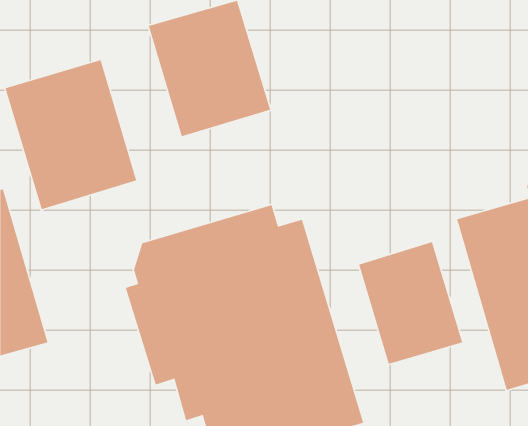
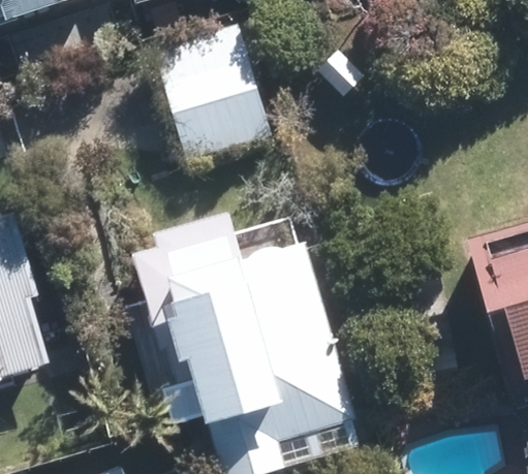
building: [5,59,137,210] -> none
building: [358,241,463,365] -> none

